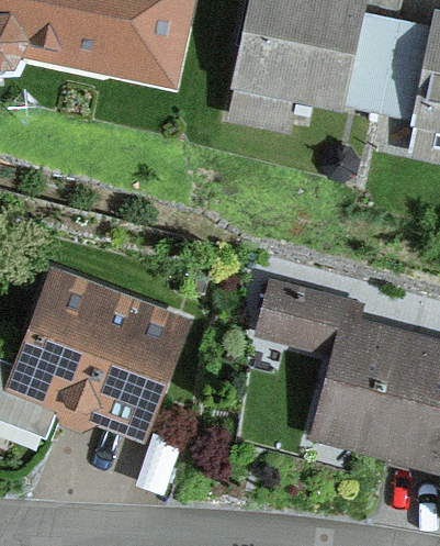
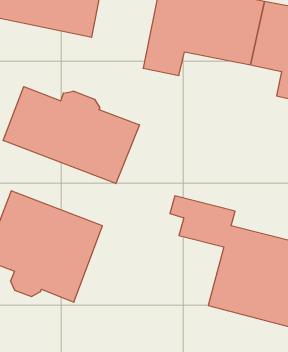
building: none -> [3,87,139,184]

